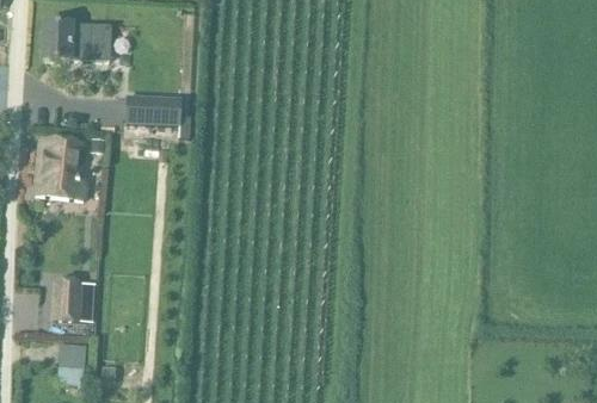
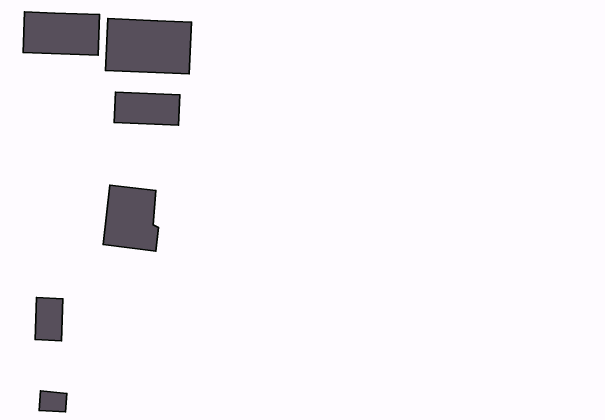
building: none -> [105,19,191,74]
building: [36,140,86,199] -> [103,185,158,251]

